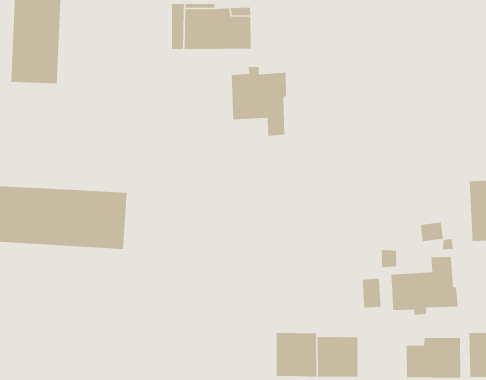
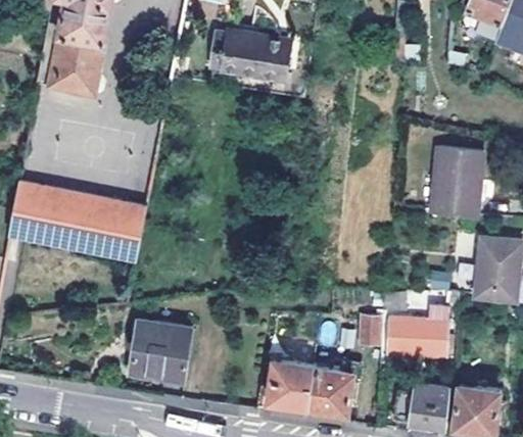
building: [231,66,287,137] -> none
building: none -> [429,149,482,220]
building: none -> [129,322,191,385]

